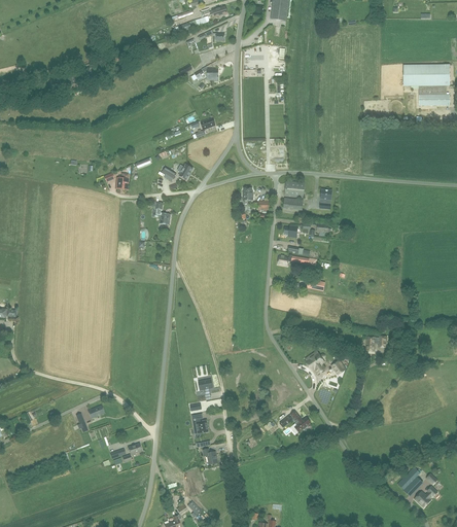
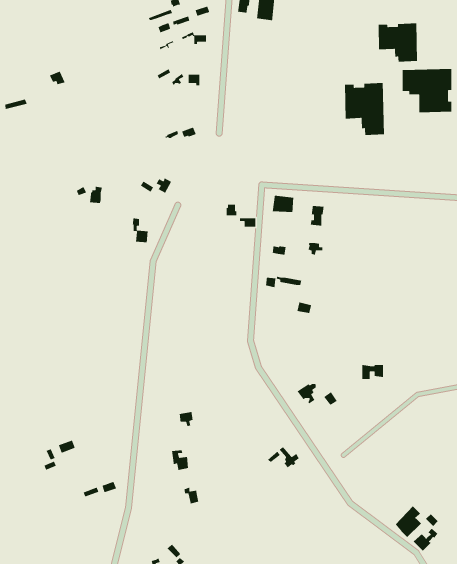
building: none -> [378,23,418,62]
building: none -> [344,82,385,136]

